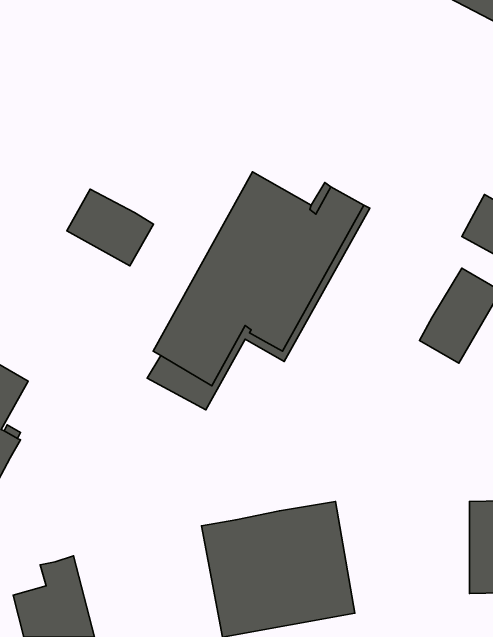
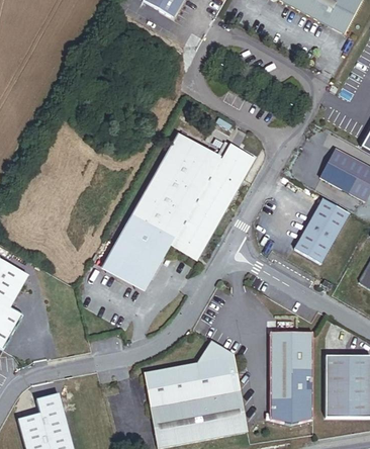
building: [67,189,153,266] -> none
building: none -> [269,329,311,417]
building: none -> [197,339,235,361]

